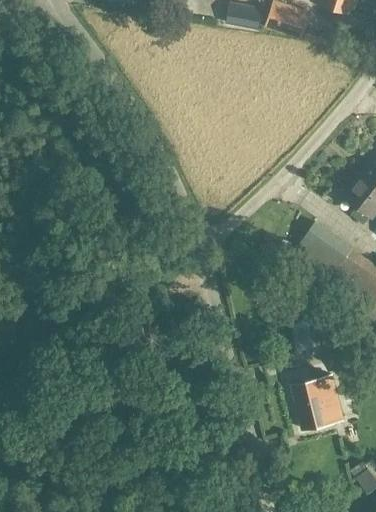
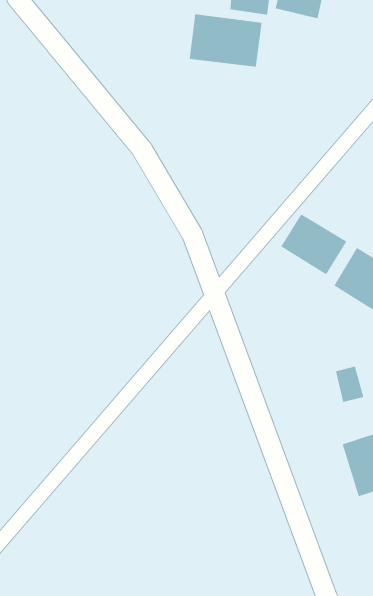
building: none -> [189,13,262,67]
building: none -> [281,213,347,275]

